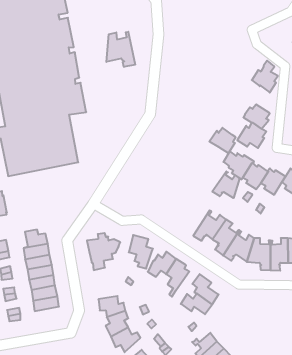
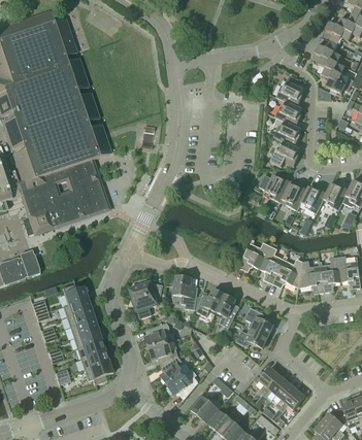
building: [106,32,135,67] -> none
building: [209,128,236,153] -> [274,100,301,126]
building: [212,171,240,198] -> none
building: none -> [144,321,170,347]
building: none -> [84,361,112,383]

